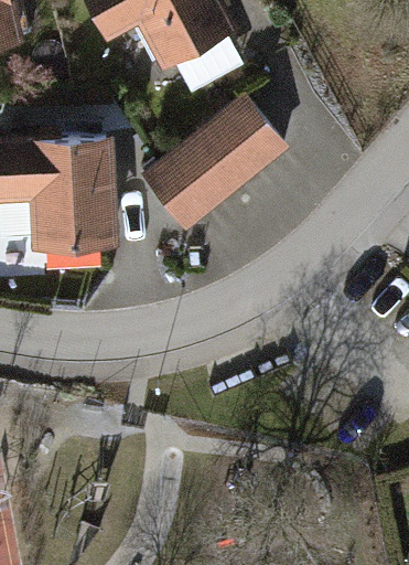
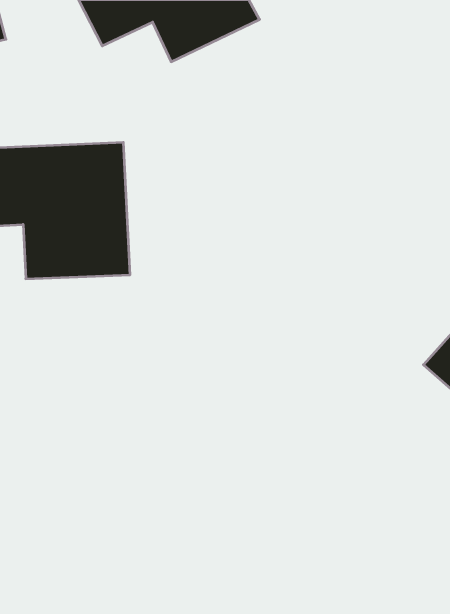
building: [147,103,279,231] -> none

